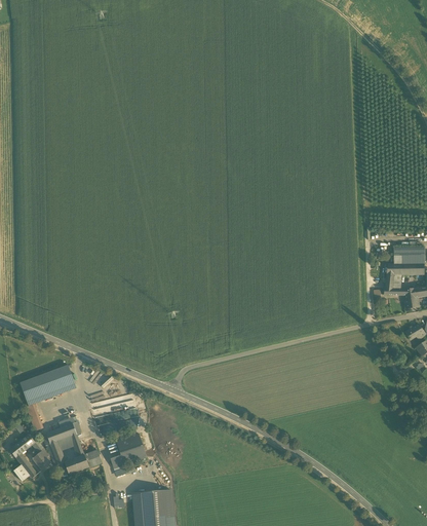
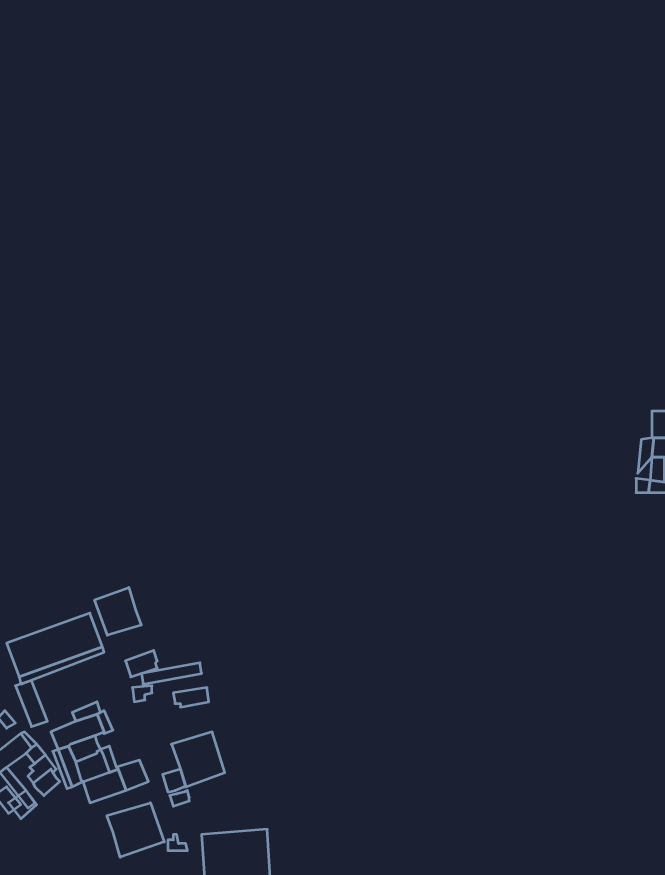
building: none -> [95,587,141,635]
building: none -> [107,803,164,857]

